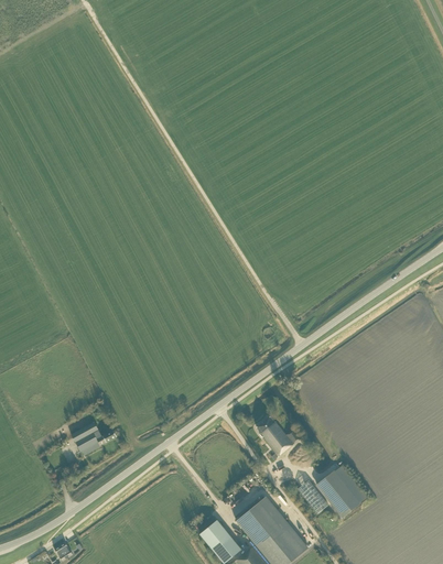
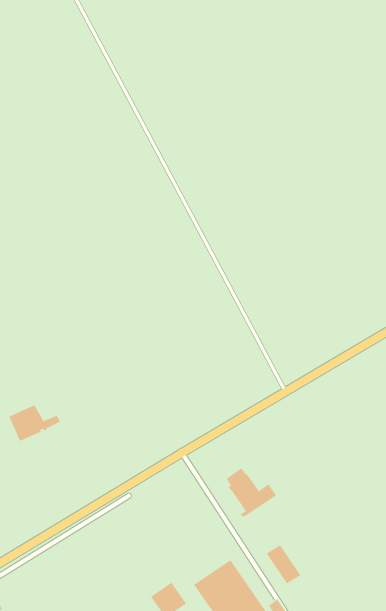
building: [72,422,117,455] -> [9,405,60,442]
building: [317,471,359,516] -> none

